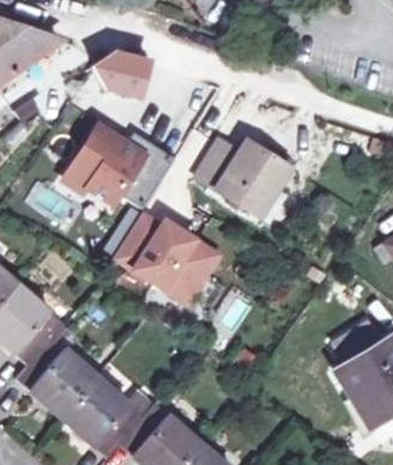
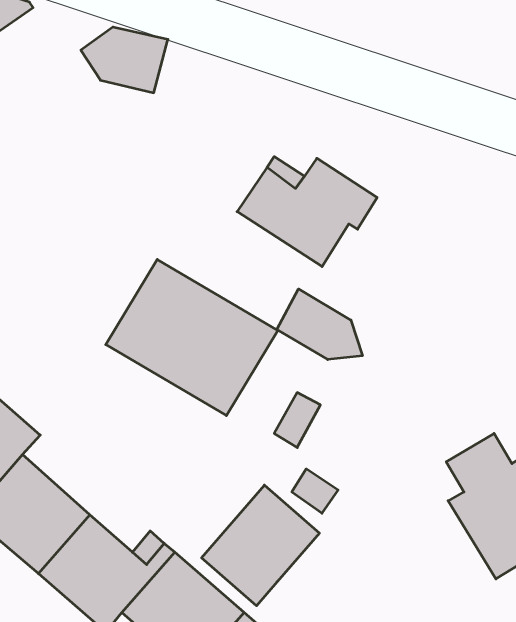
building: [60,122,152,214] -> none
building: none -> [277,289,362,360]
building: none -> [202,485,319,606]

